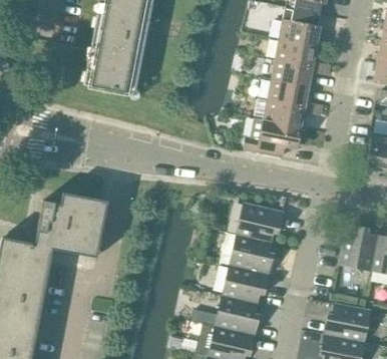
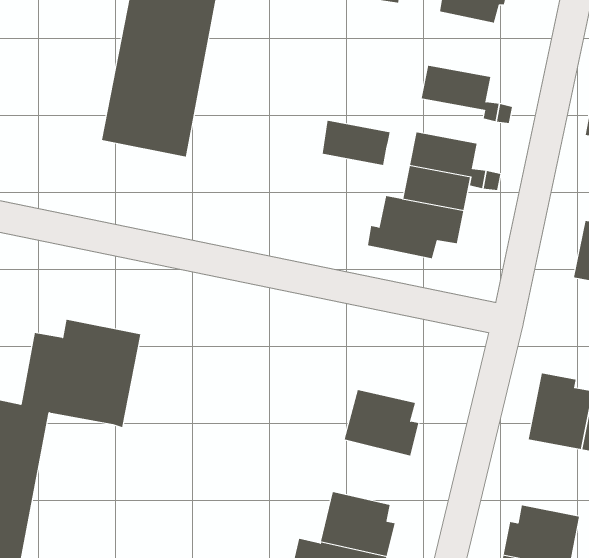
building: [280,8,322,47] -> none
building: [273,60,314,87] -> [322,120,391,165]
building: [238,204,284,243] -> none
building: [223,265,270,304] -> none

